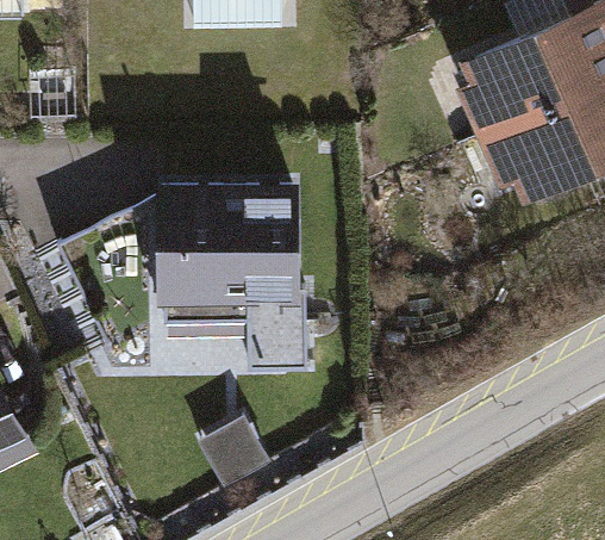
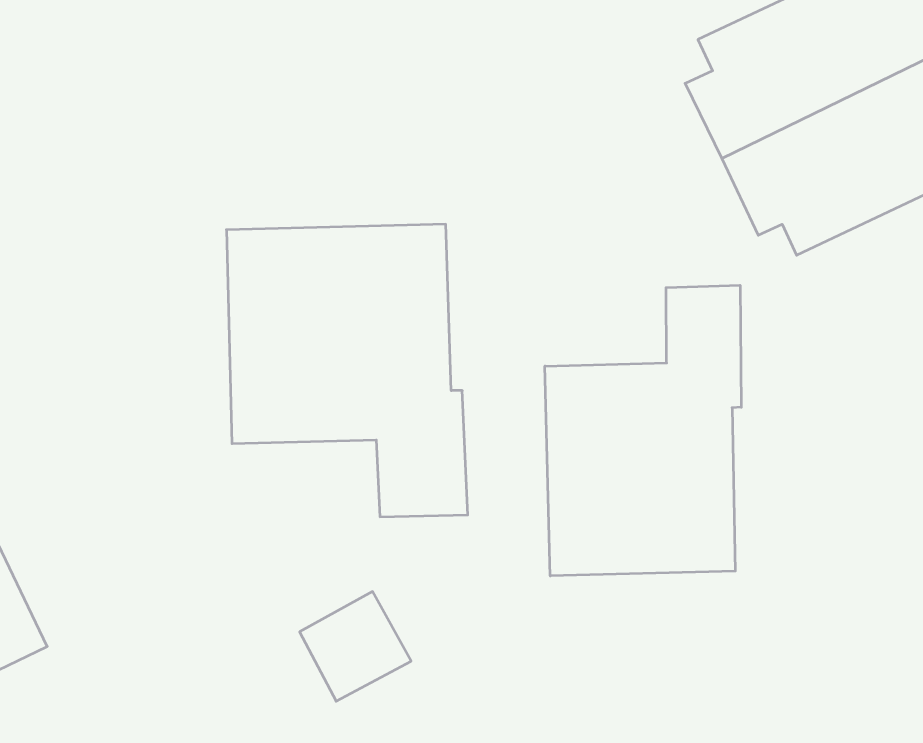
building: none -> [545,285,741,576]

